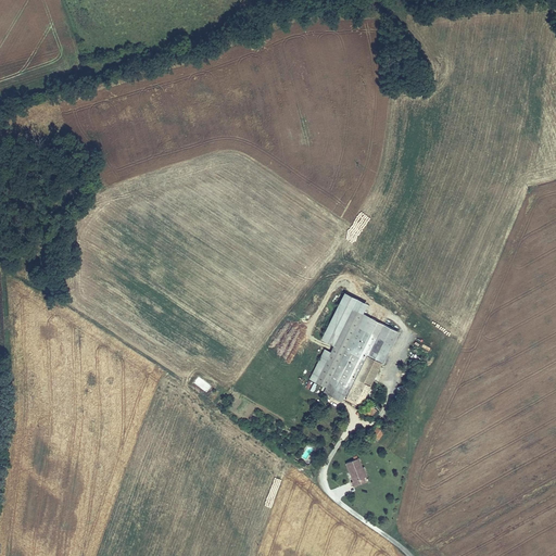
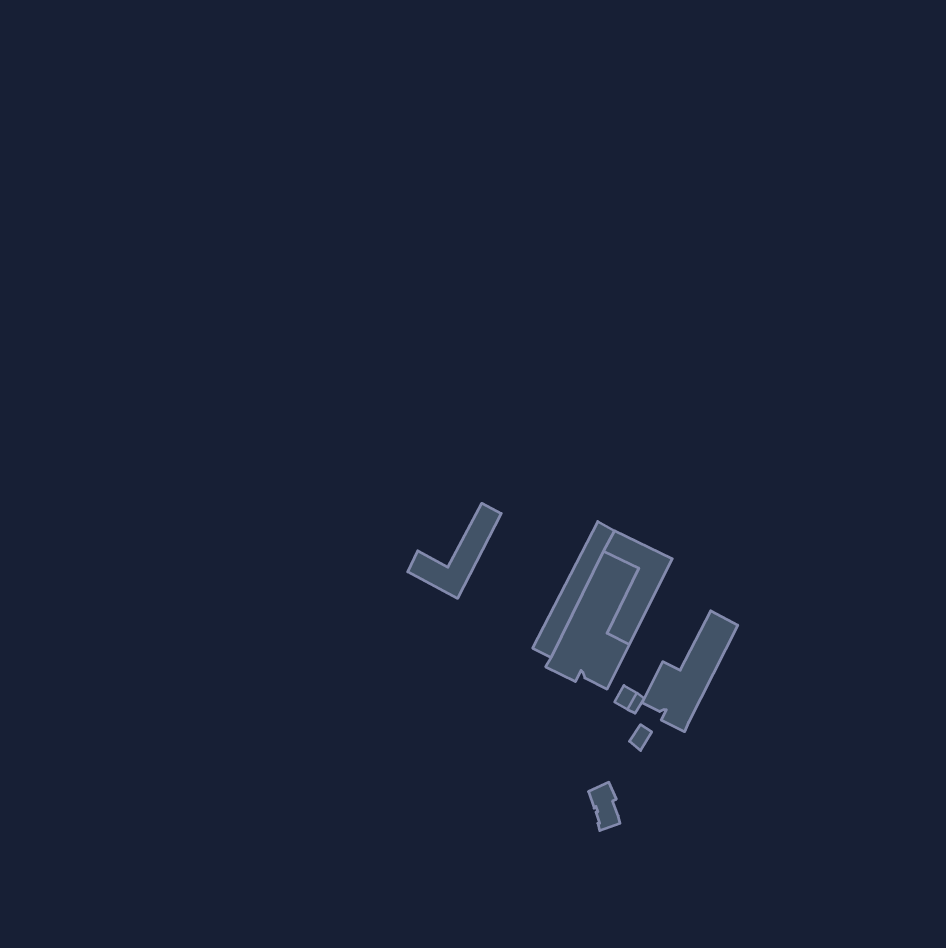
building: none -> [408,503,501,598]
building: none -> [642,611,738,732]

